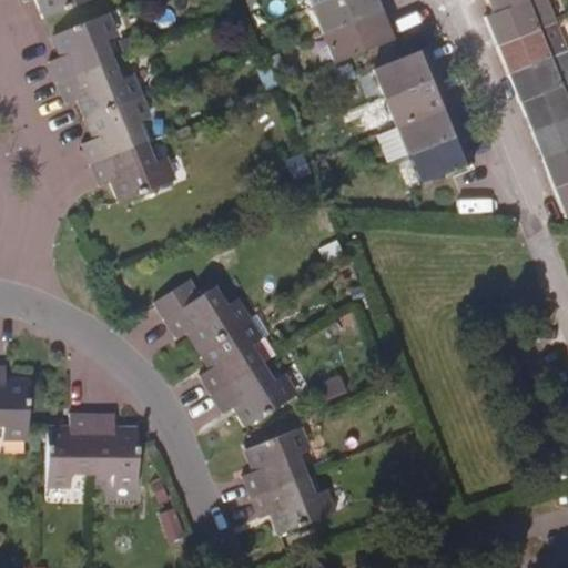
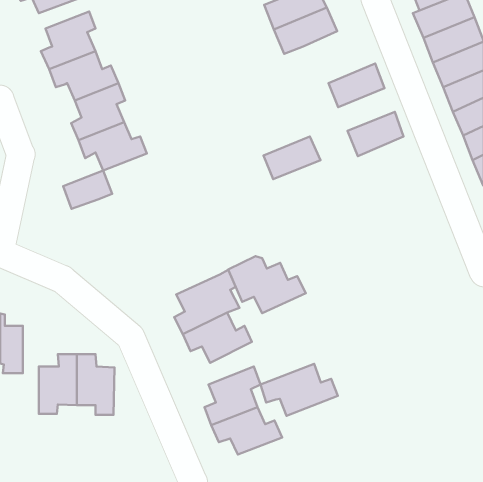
building: [374,45,440,98] -> none
building: [397,103,464,153] -> [264,136,320,179]
building: none -> [63,170,112,209]
building: [168,278,258,345] -> [228,256,306,313]
building: none -> [260,364,338,416]

